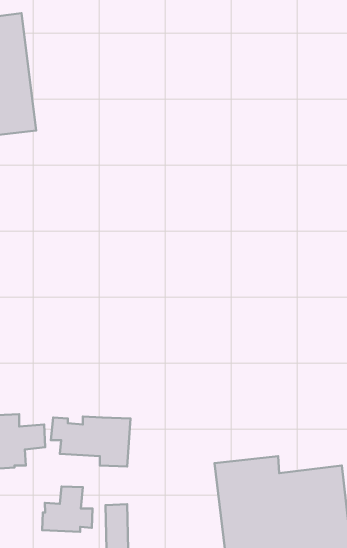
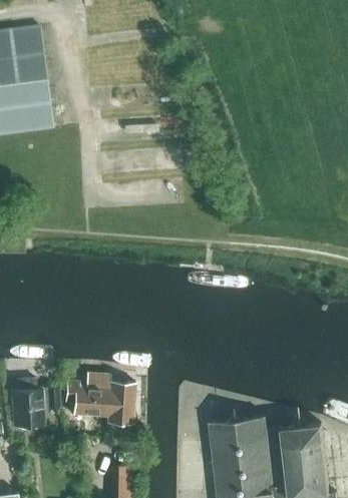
building: [42,486,92,532] -> none

